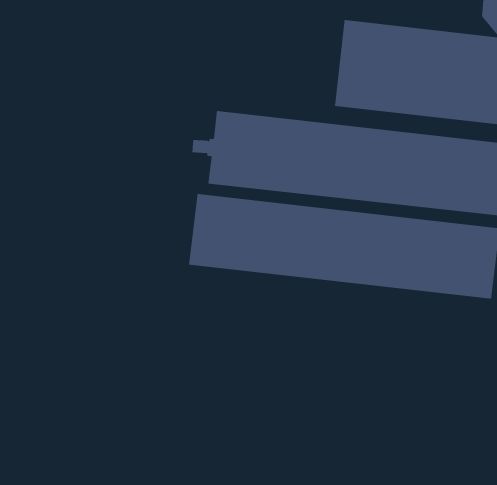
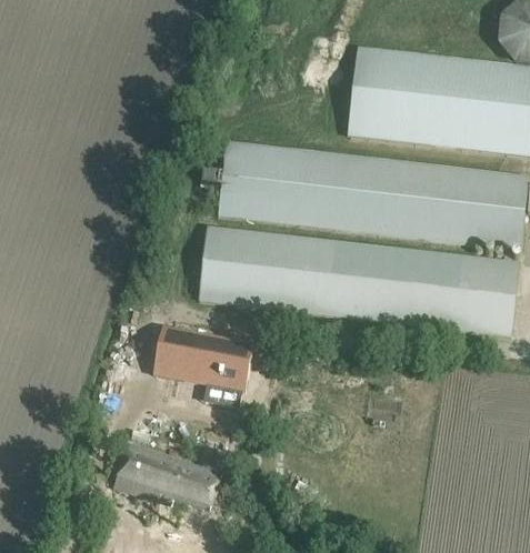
building: none -> [149,323,252,386]
building: none -> [112,443,221,509]

